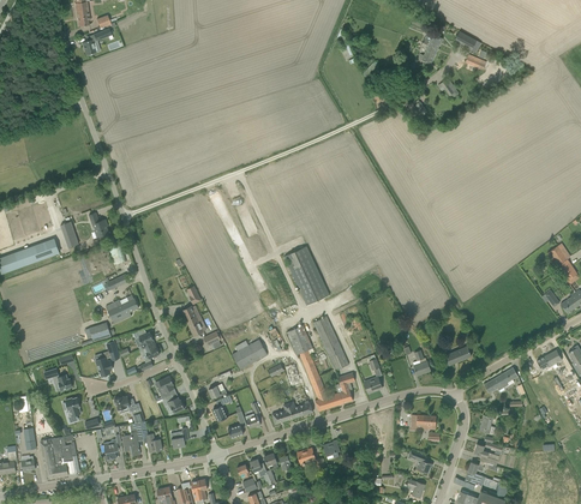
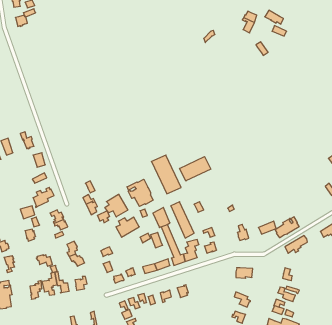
building: none -> [180,157,211,181]
building: none -> [127,179,153,206]
building: none -> [105,194,128,217]
building: none -> [275,217,299,238]

